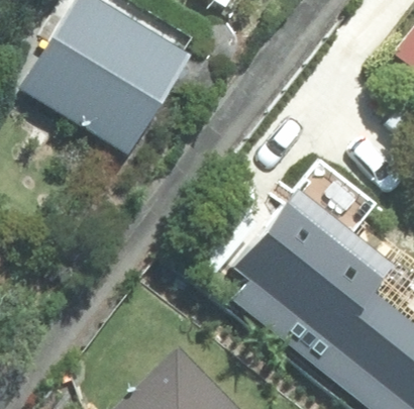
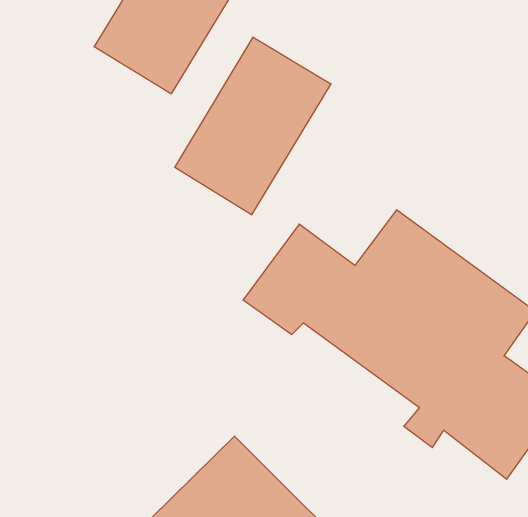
building: none -> [175,37,331,215]

